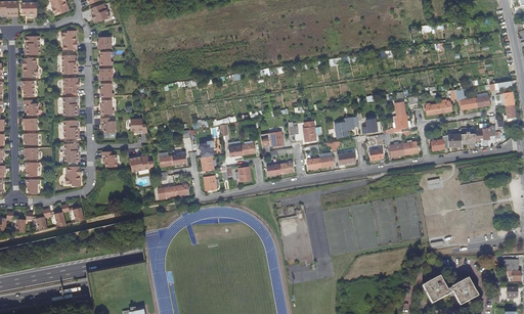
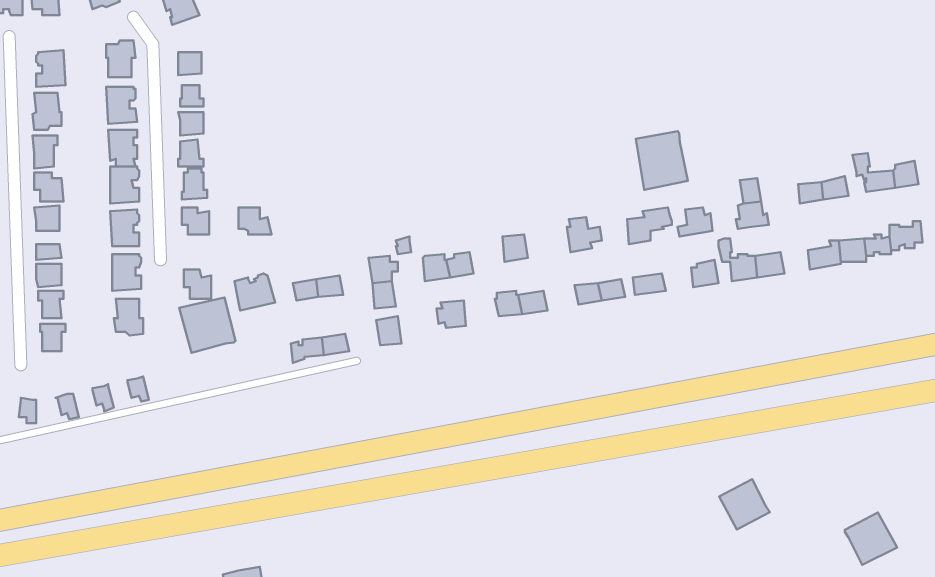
building: none -> [636,131,688,190]
building: none -> [179,297,235,353]
building: [423,276,449,303] -> [719,479,770,530]

